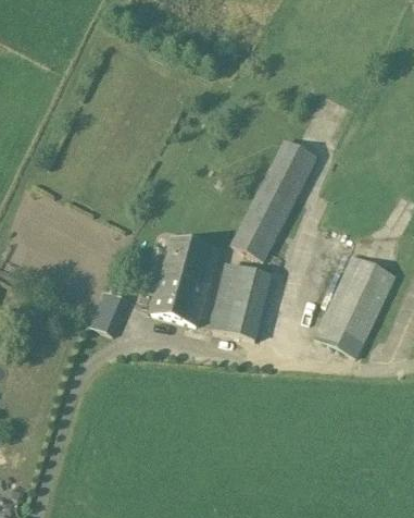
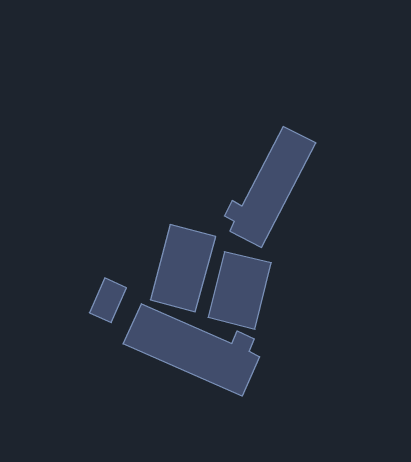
building: [314,254,393,355] -> none
building: none -> [123,304,260,396]

